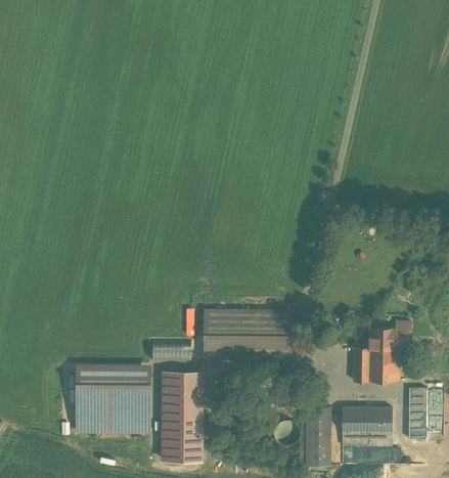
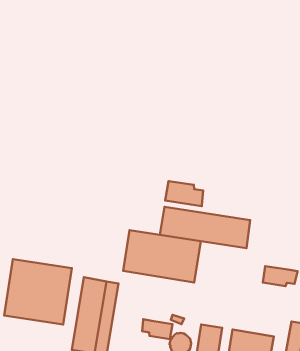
building: none -> [165,181,203,206]
building: none -> [160,207,250,248]
building: [354,347,400,382] -> none
building: none -> [142,319,173,339]

